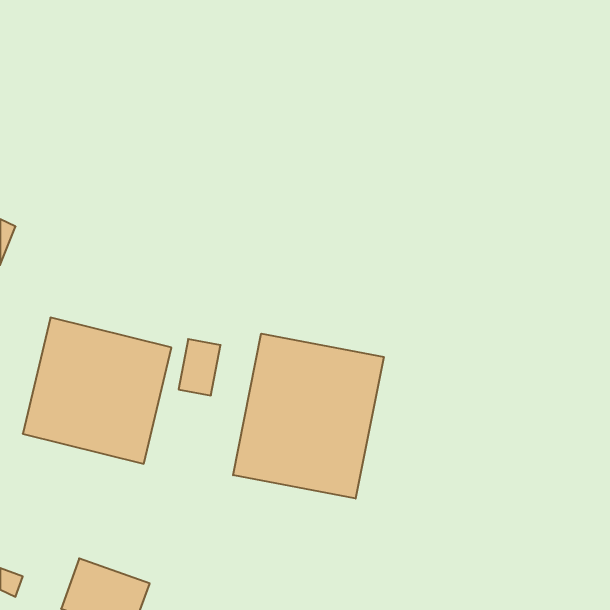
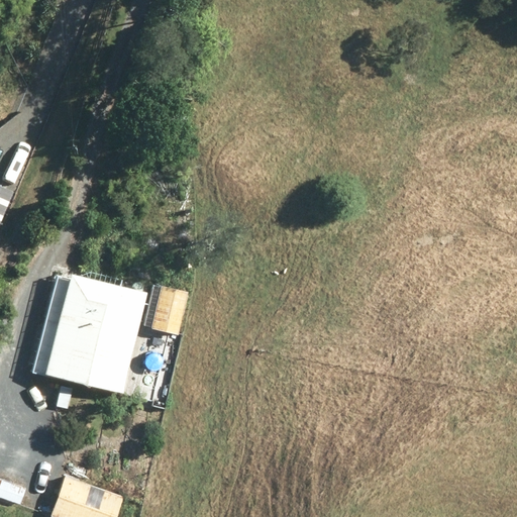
building: [233,334,384,499] -> none

